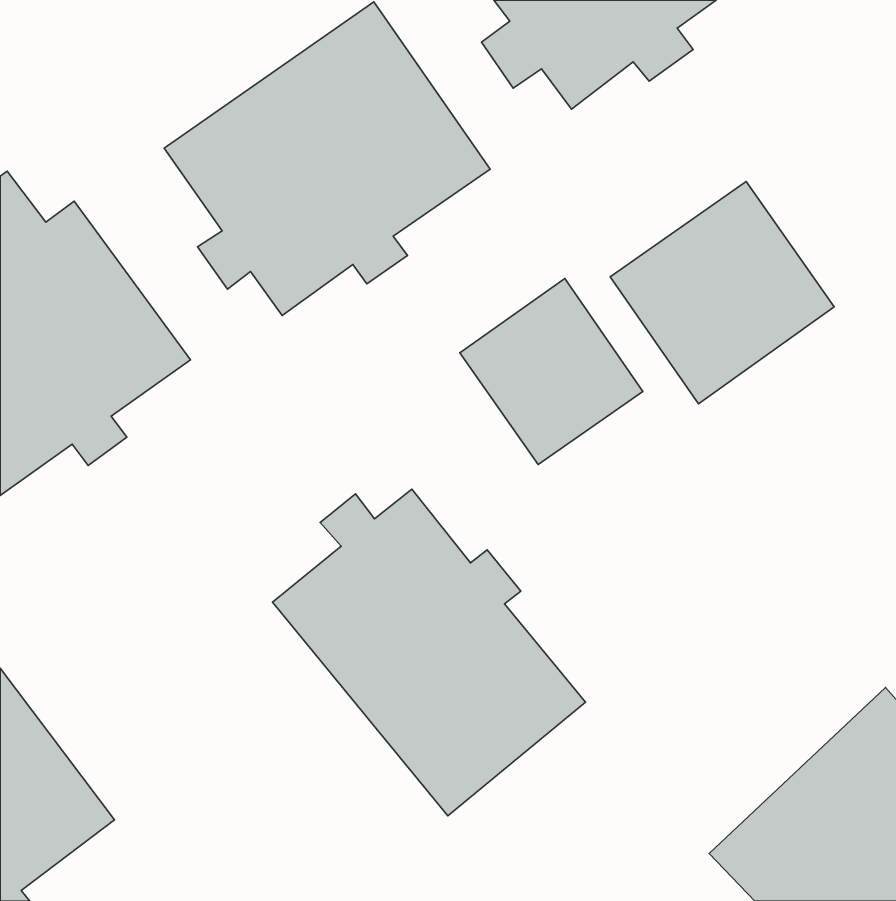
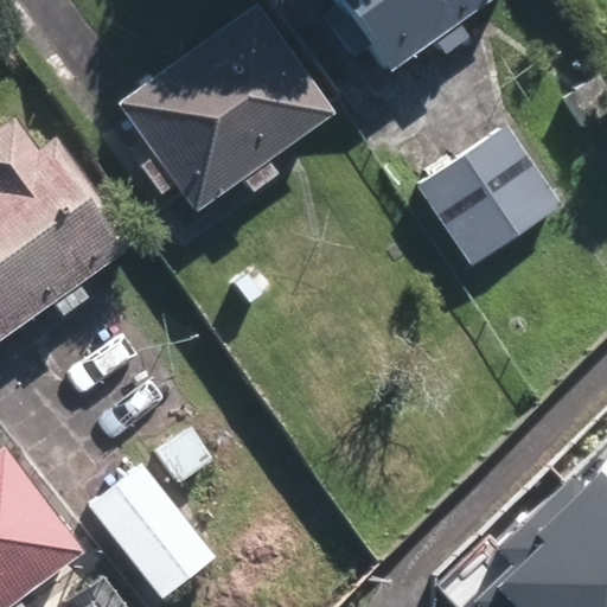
building: [460,279,643,465] -> none
building: [272,489,586,816] -> none
building: none -> [85,460,216,598]

